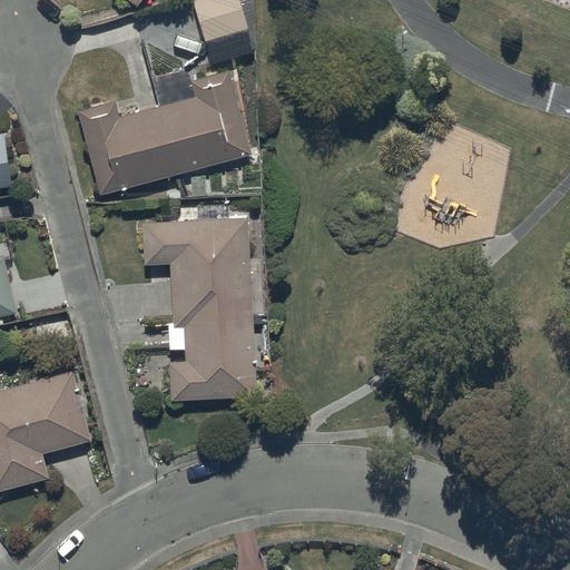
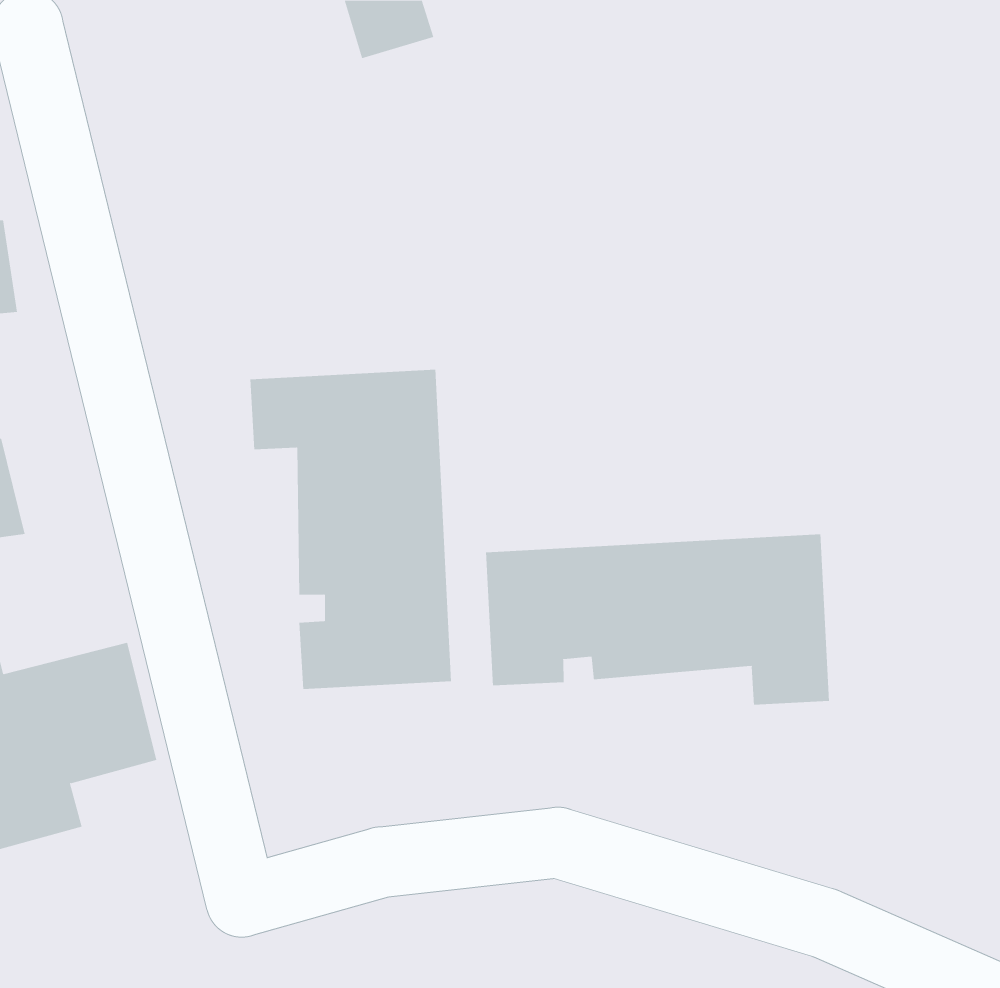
building: [79,70,249,195] -> none
building: none -> [485,534,830,705]

